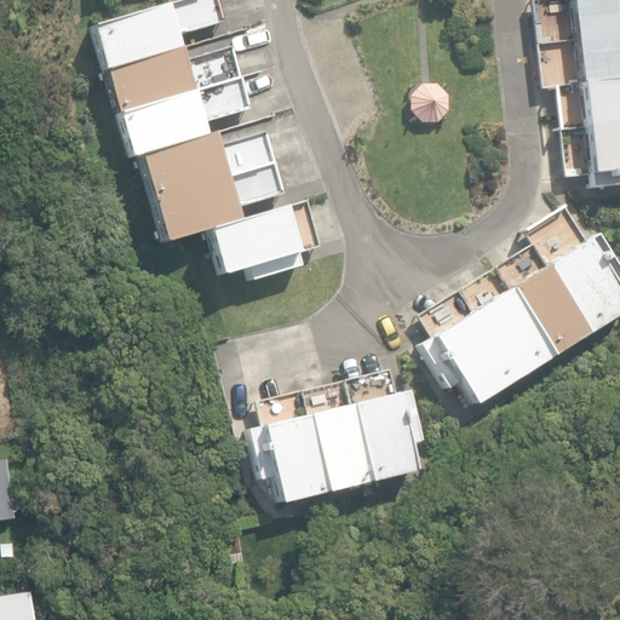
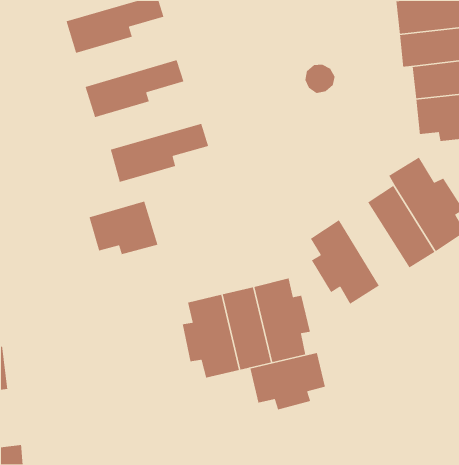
building: [108,47,243,115] -> none
building: [140,132,276,199] -> none
building: [208,209,302,282] -> [88,201,158,255]
building: [459,269,552,380] -> none
building: none -> [250,352,326,410]

